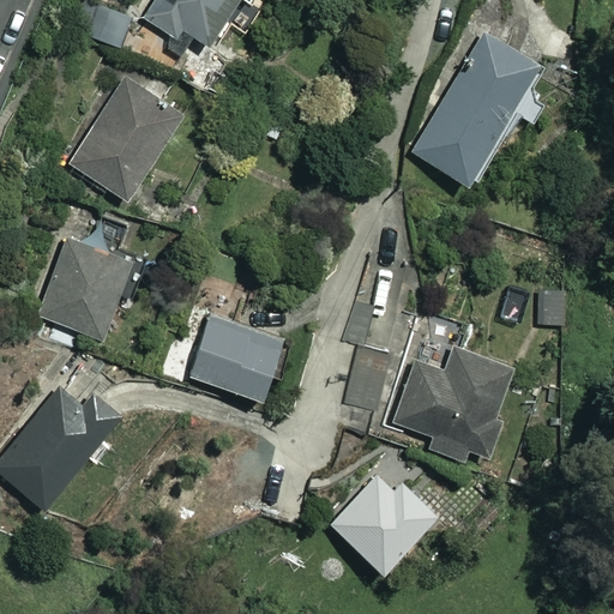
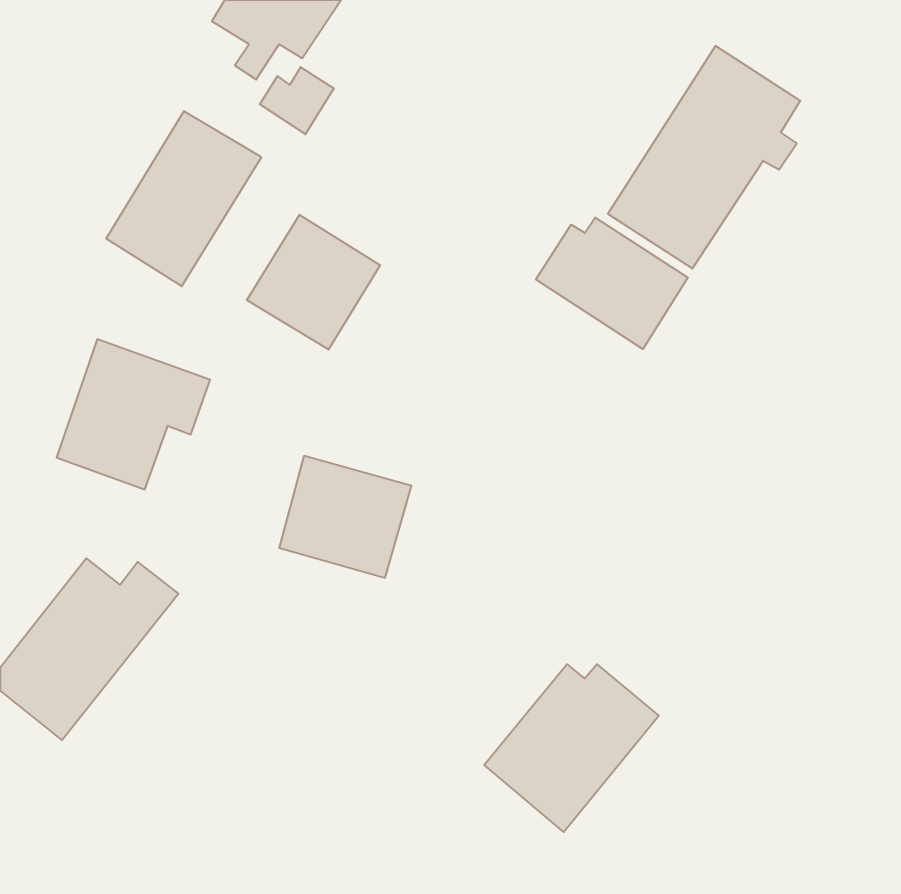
building: none -> [247,215,380,350]
building: none -> [536,218,688,349]
building: [391,337,510,460] -> none

